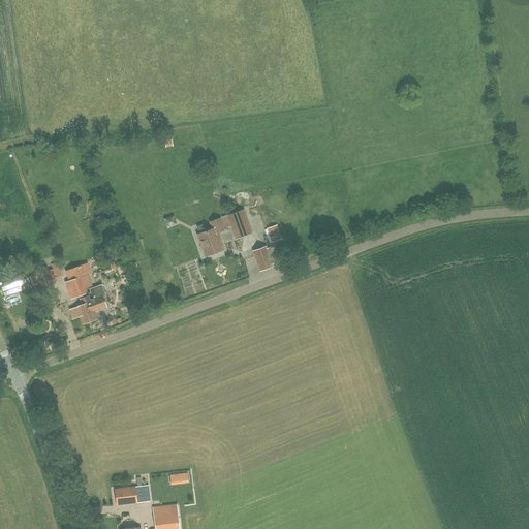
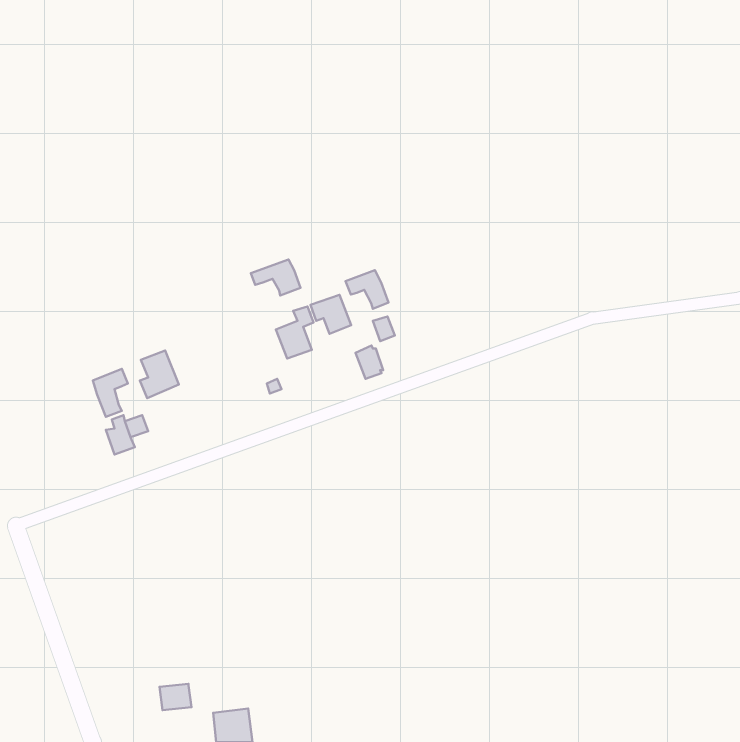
building: none -> [251,259,301,296]
building: none -> [346,270,389,309]
building: none -> [140,351,179,398]

